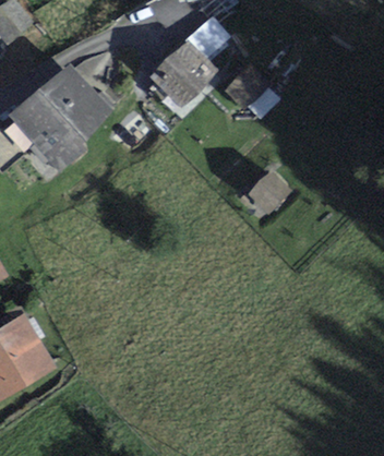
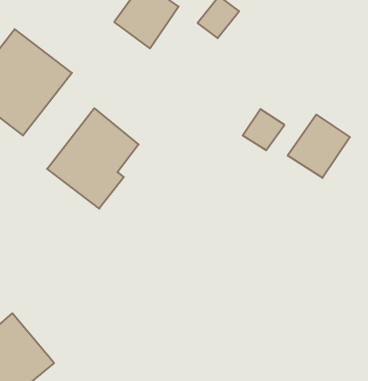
building: none -> [47,108,139,209]
building: none -> [288,115,350,178]

